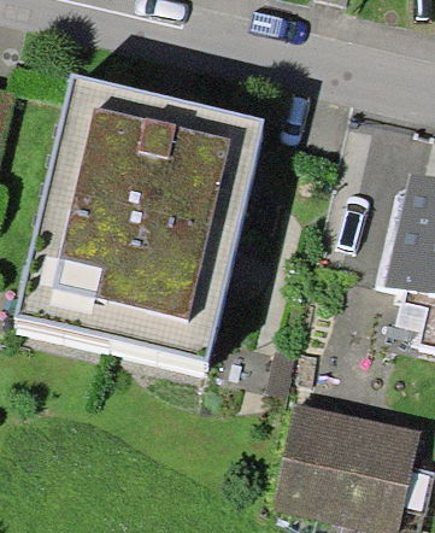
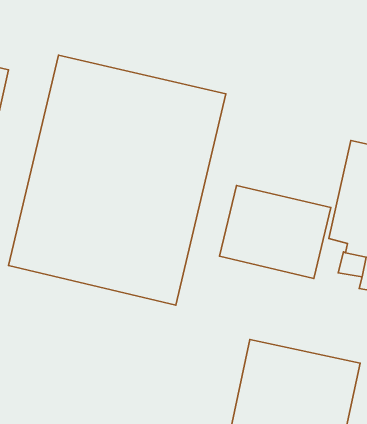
building: none -> [220,185,331,279]

